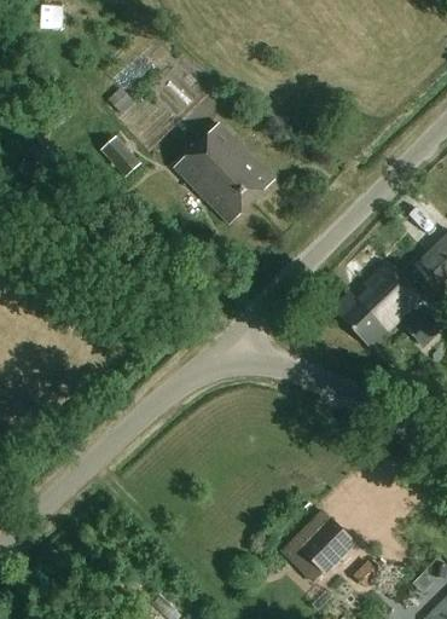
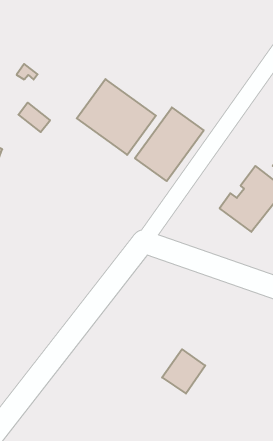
building: none -> [135,107,204,181]
building: [298,516,355,573] -> [162,349,205,394]

